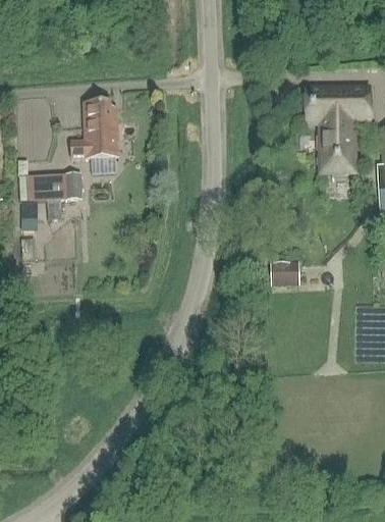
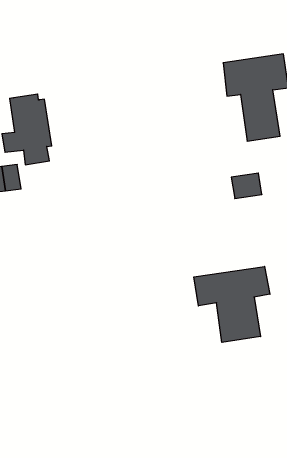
building: [270,262,299,285] -> [231,173,262,199]
building: none -> [194,266,270,342]

